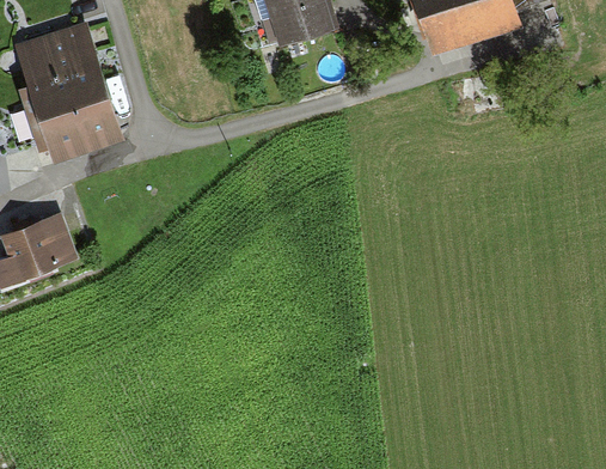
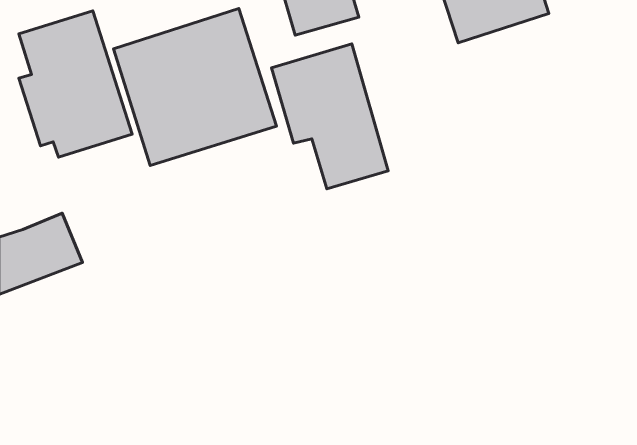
building: none -> [113,8,277,165]
building: none -> [271,44,388,189]

